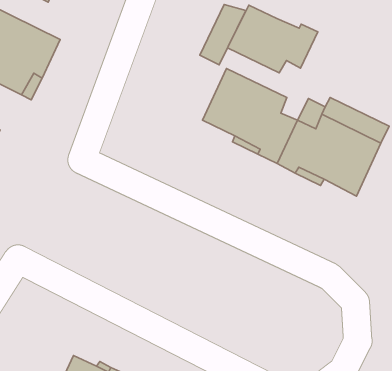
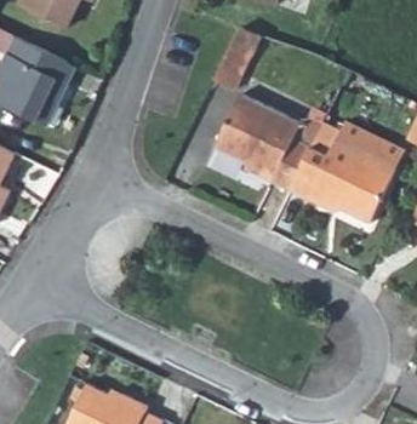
building: [228,5,318,73] -> none

